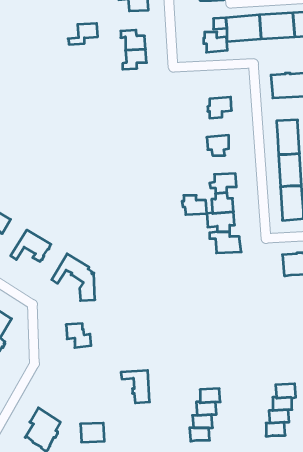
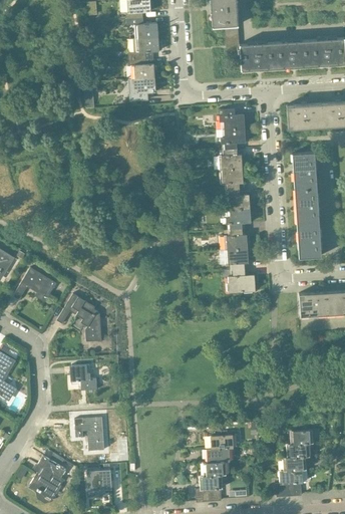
building: [68,23,98,44] -> [128,38,159,60]
building: [204,32,227,52] -> [220,110,245,132]
building: none -> [214,151,243,172]
building: [182,195,207,215] -> [224,191,250,211]
building: [121,370,150,403] -> [74,419,104,453]

